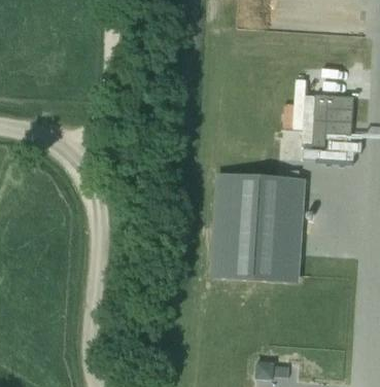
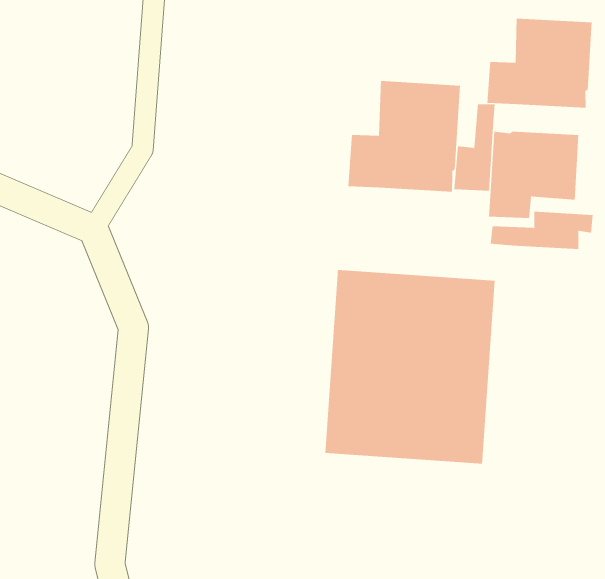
building: none -> [487,18,592,108]
building: none -> [348,80,461,192]

